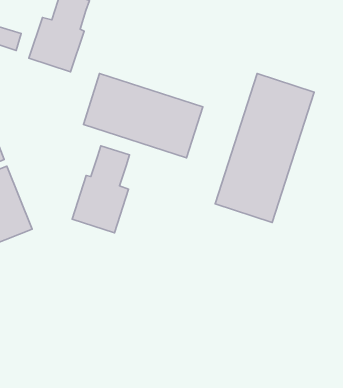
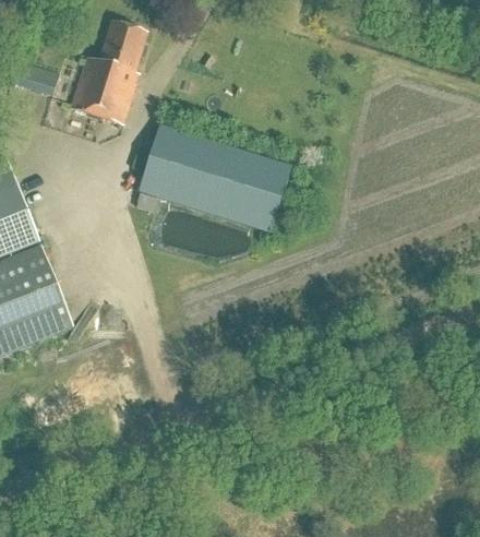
building: [215,73,314,223] -> none
building: [72,146,130,233] -> none

